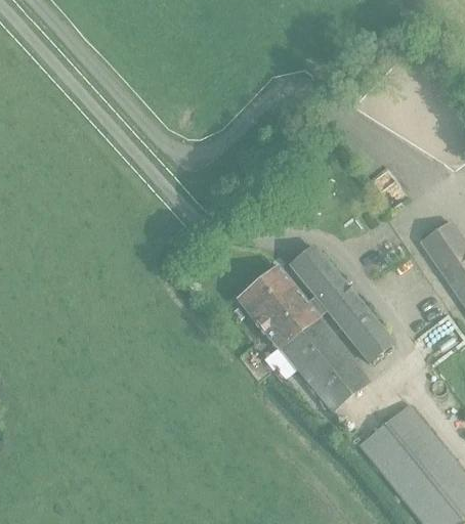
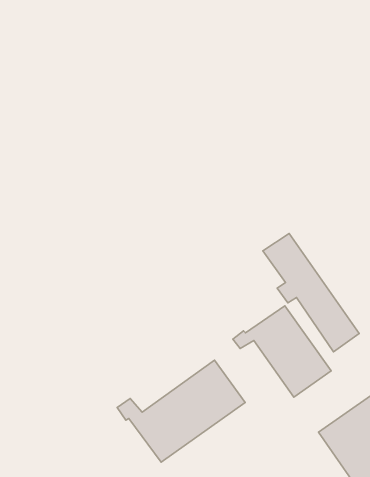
building: [238,266,320,350] -> none
building: none -> [117,360,245,462]

